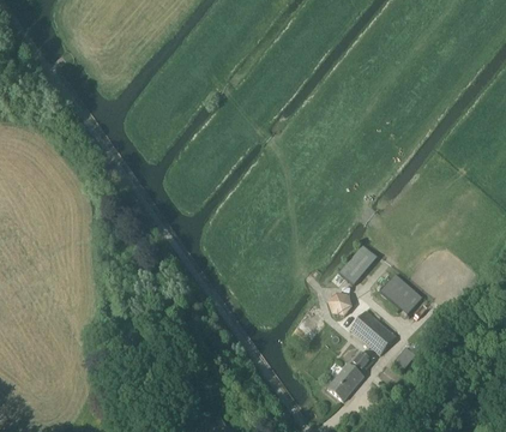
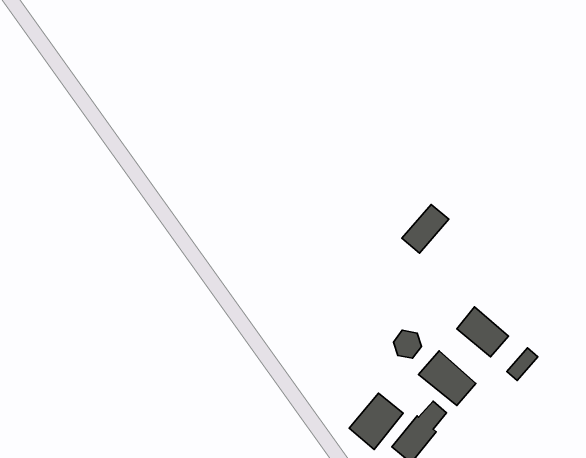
building: [339,245,378,284] -> [402,204,449,253]
building: none -> [349,393,403,450]

